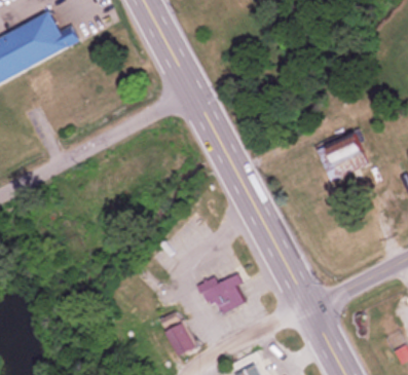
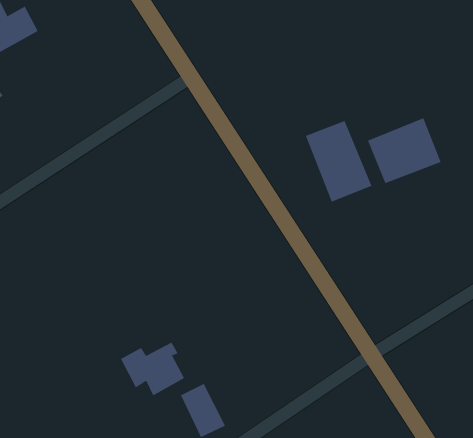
building: none -> [305,120,372,202]
building: [198,273,245,312] -> [120,342,185,396]

